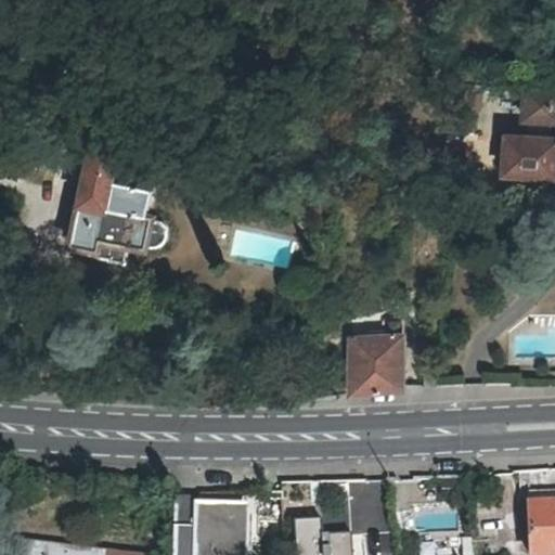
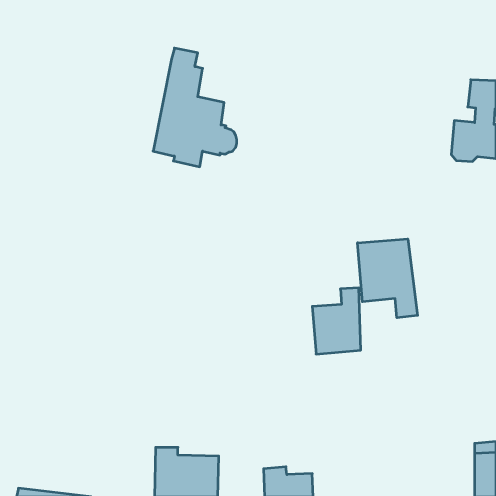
building: [72,132,165,264] -> [153,48,237,167]
building: none -> [358,239,418,318]

